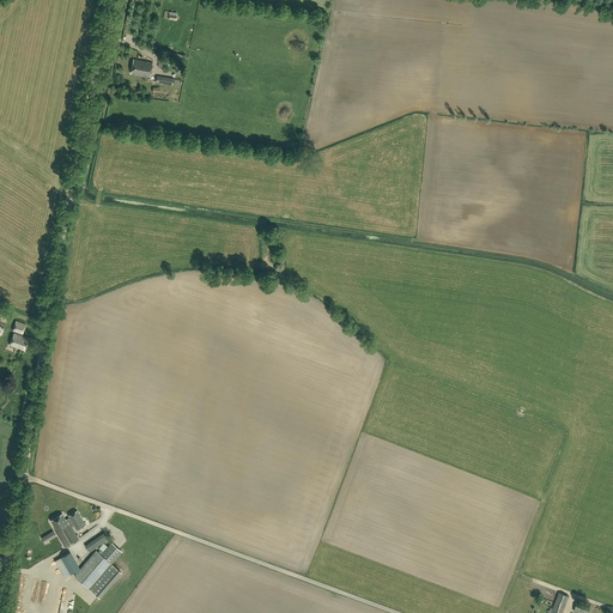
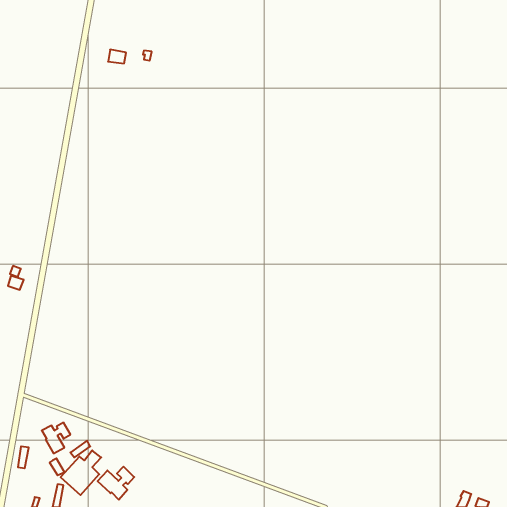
building: none -> [98,467,134,500]

